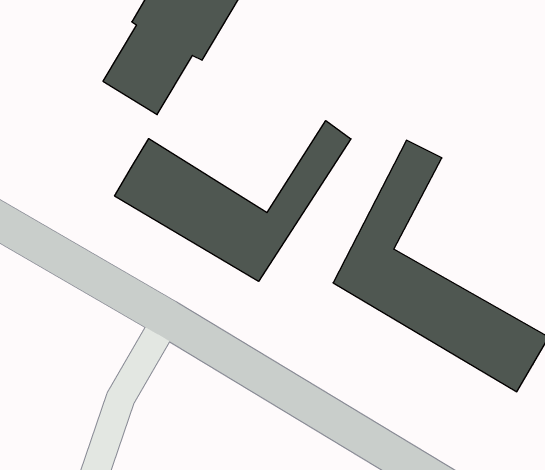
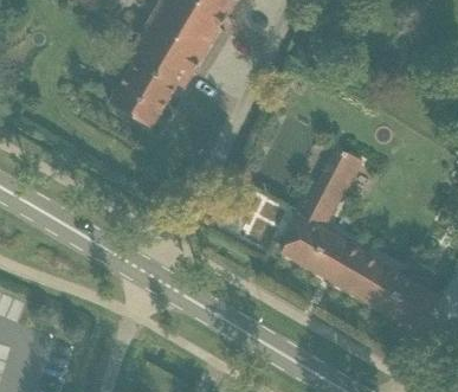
building: [115,121,351,281] -> none

